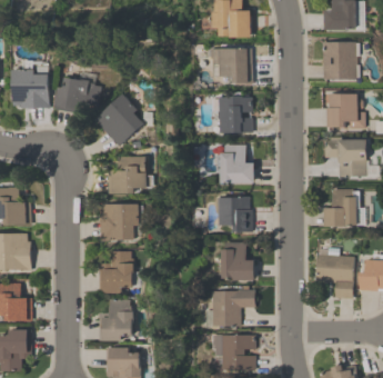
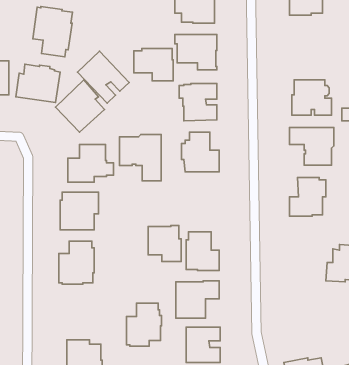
building: none -> [33,7,72,57]
building: [321,41,359,79] -> none
building: none -> [134,49,173,81]
building: none -> [77,51,129,103]
building: none -> [119,135,161,181]
building: [220,197,252,232] -> [148,225,181,262]
building: [316,248,354,298] -> none
building: [98,299,132,341] -> [126,303,162,346]

